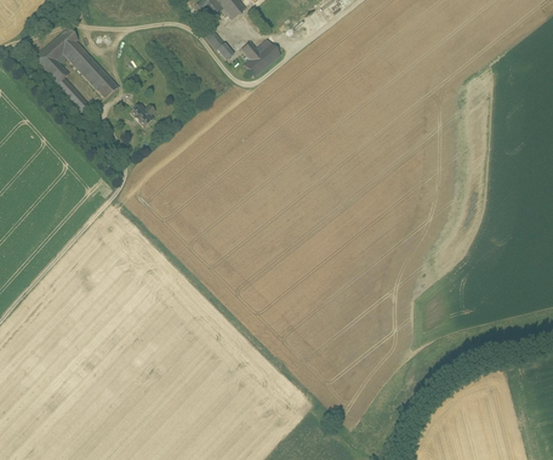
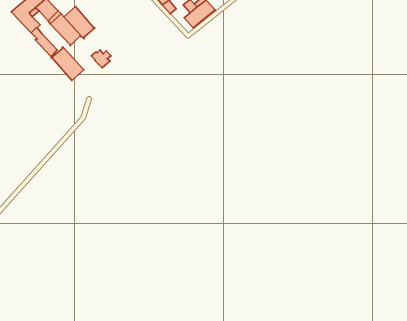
building: none -> [64,7,95,38]
building: none -> [51,47,84,81]

